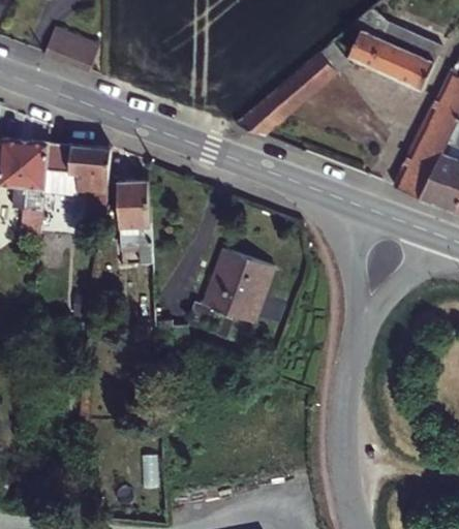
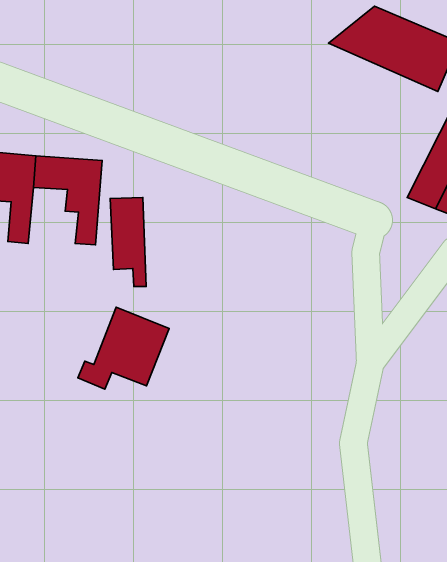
building: [45,28,92,70] -> none
building: [224,49,333,134] -> none
building: [190,252,274,328] -> [78,307,169,389]

